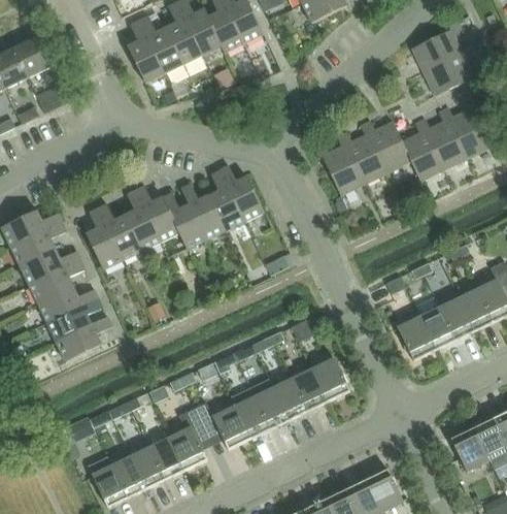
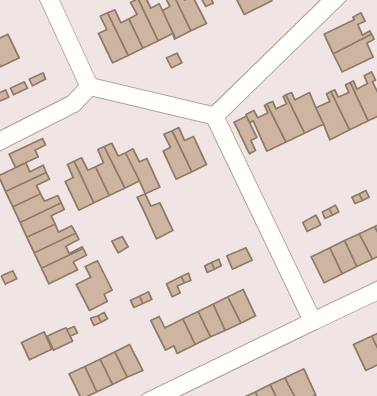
building: [13,35,52,76] -> none
building: none -> [234,116,257,154]
building: none -> [9,139,46,168]
building: [180,183,226,239] -> [137,194,173,239]
building: [310,358,348,401] -> none
building: [167,408,212,471] -> [76,261,112,311]
building: none -> [22,332,52,360]

